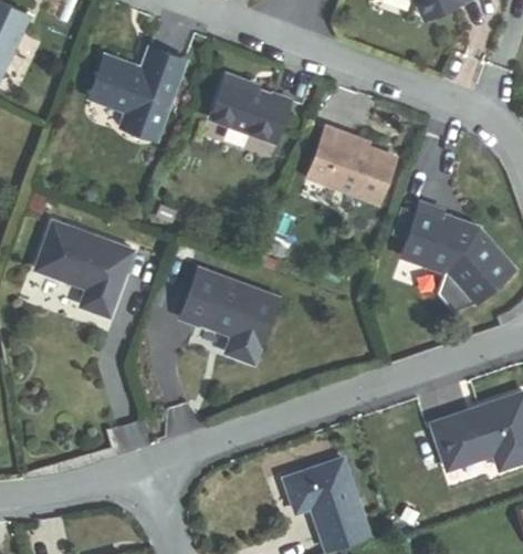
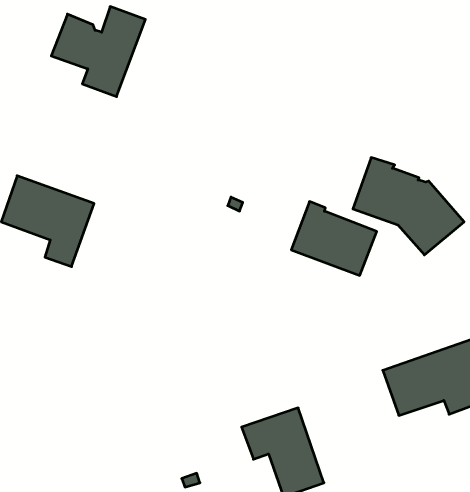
building: [210,74,291,142] -> none
building: [307,126,396,202] -> [291,202,377,275]
building: [180,266,279,362] -> none

